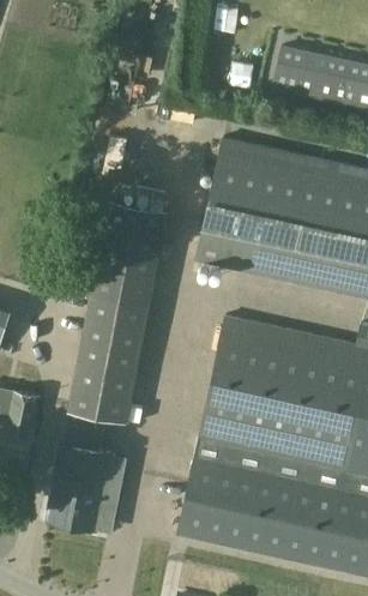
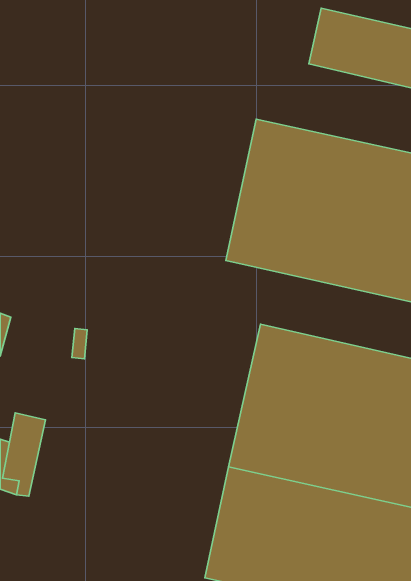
building: [70,197,167,421] -> none
building: [49,444,119,532] -> none

